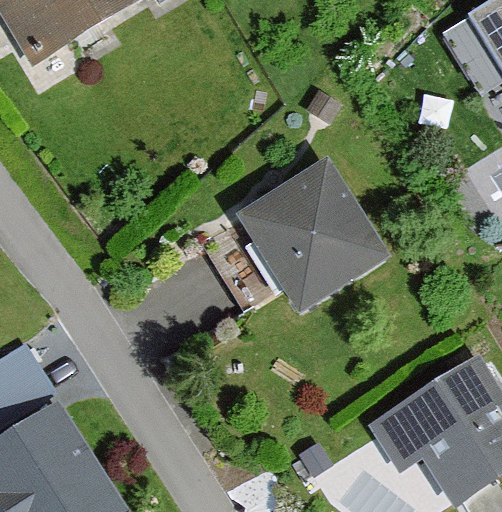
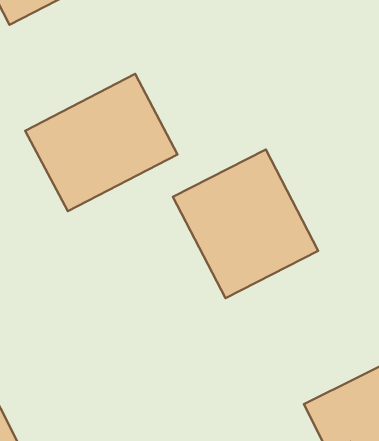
building: none -> [25,74,177,211]

